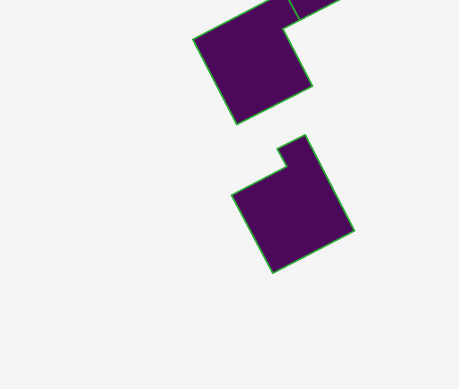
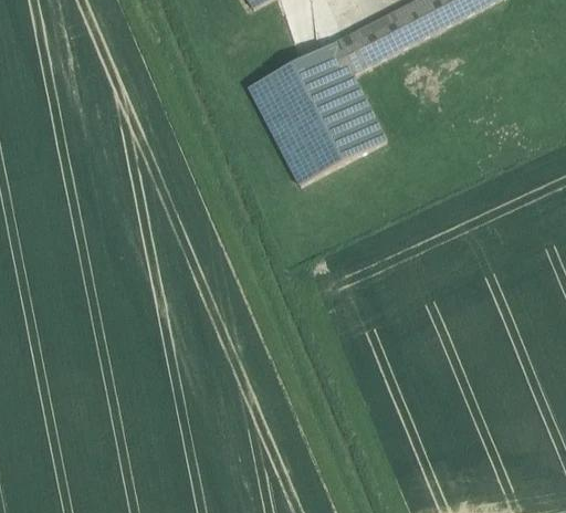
building: [231,135,355,273] -> none

